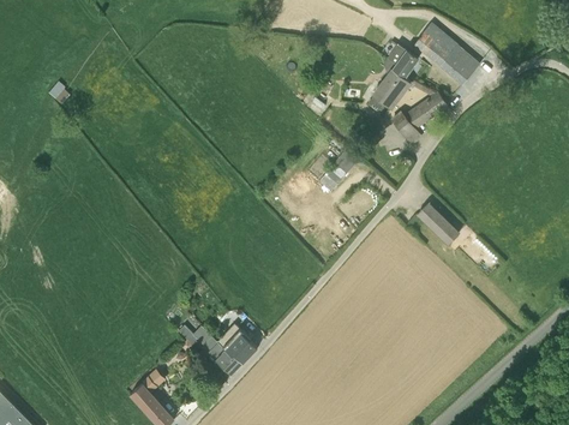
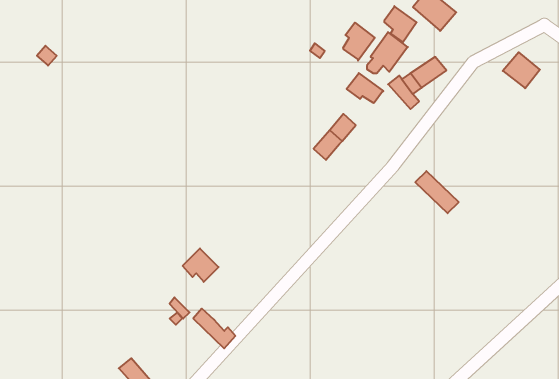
building: [442,48,478,83] -> [503,52,540,88]
building: none -> [343,23,375,61]
building: none -> [347,73,383,103]
building: [223,329,258,361] -> [183,248,219,282]

